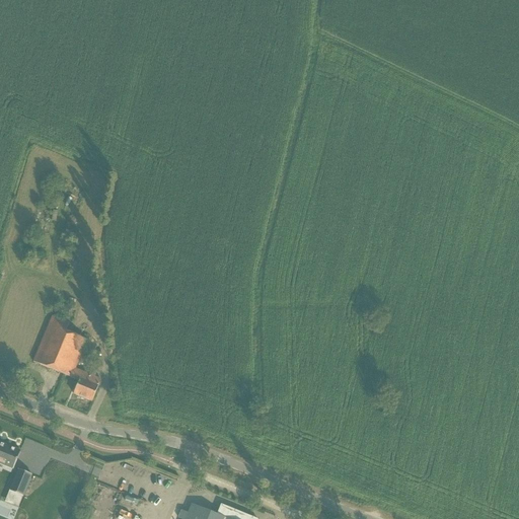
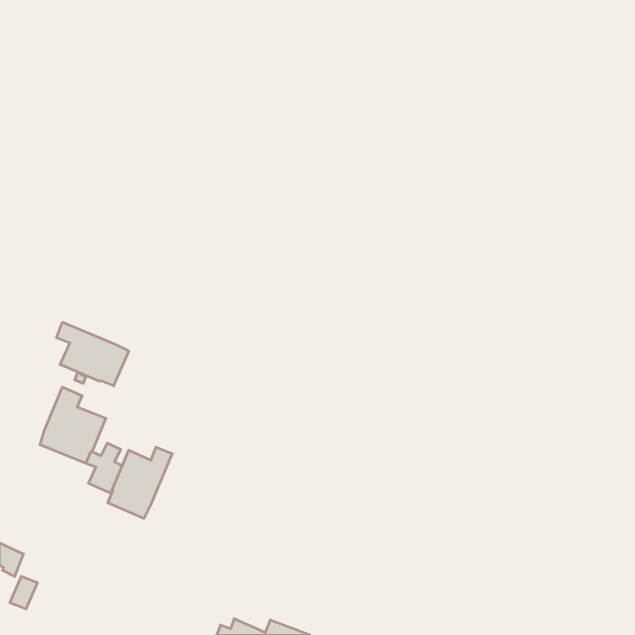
building: none -> [57,322,129,386]
building: none -> [108,447,172,518]

